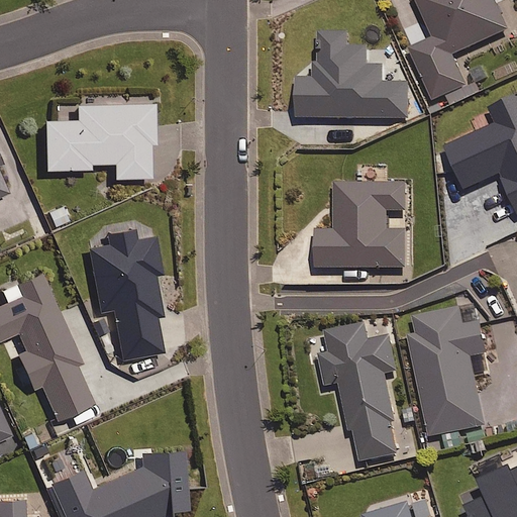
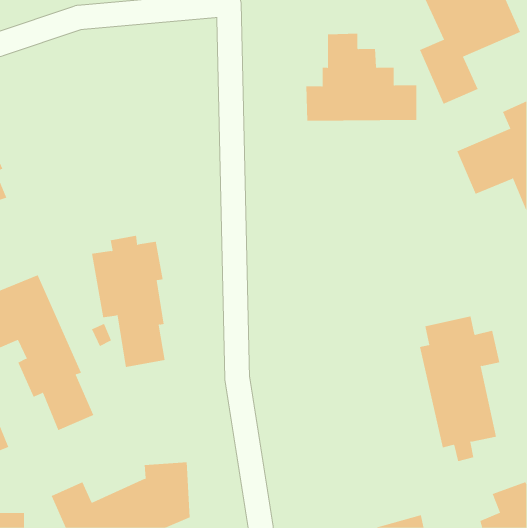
building: [43,103,154,178] -> none
building: [317,183,407,269] -> none
building: [321,325,397,461] -> none

